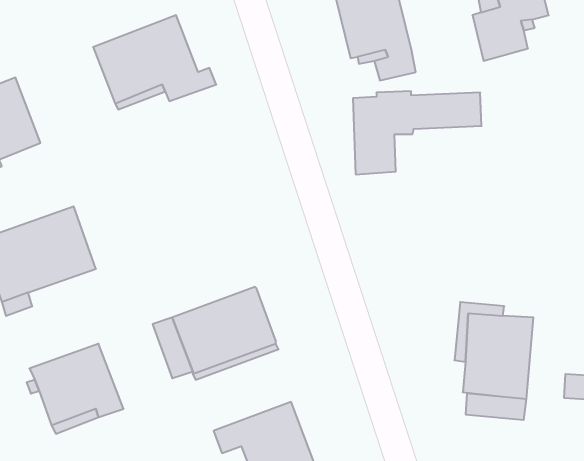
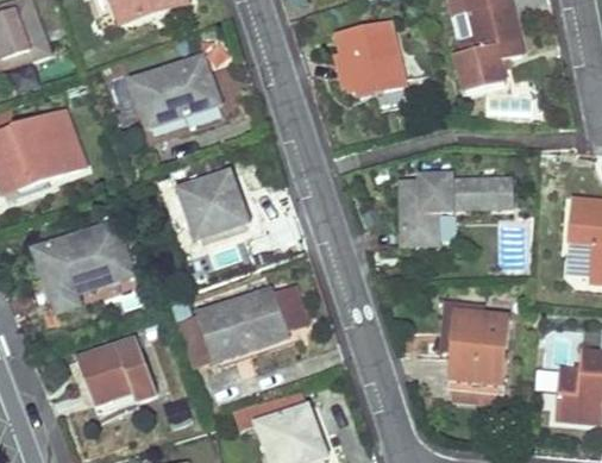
building: [353,91,482,174] -> [400,174,510,245]
building: none -> [178,171,247,240]
building: none -> [270,280,311,333]

